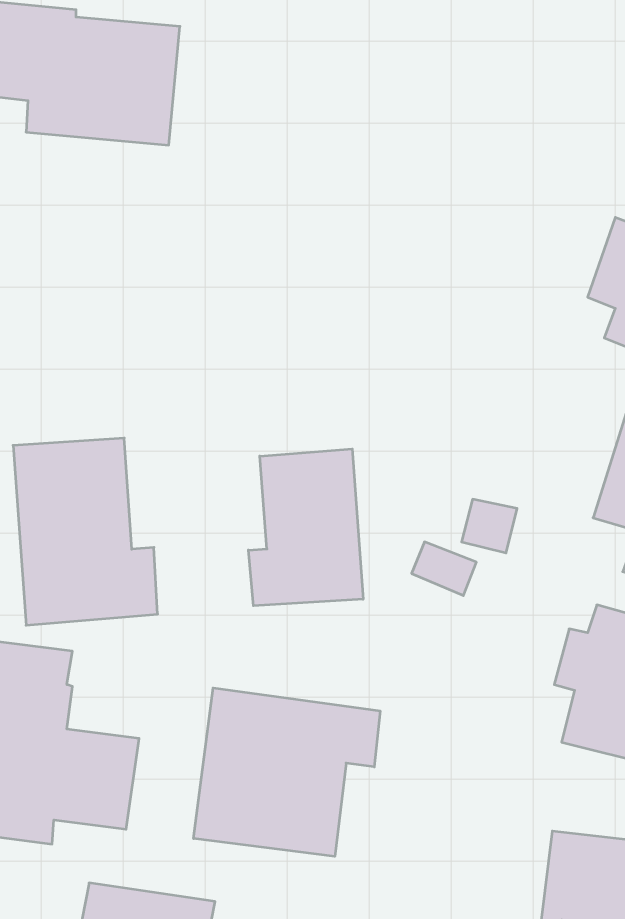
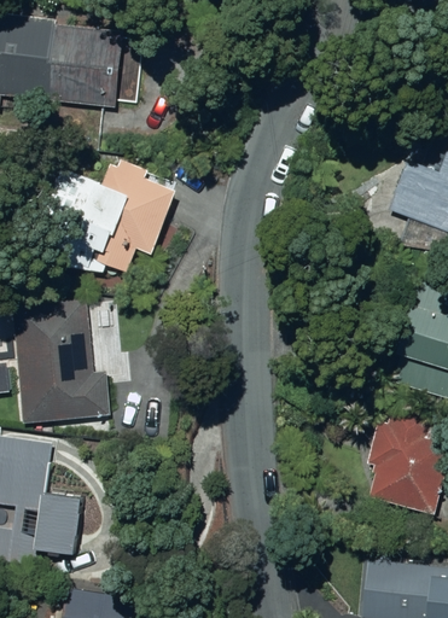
building: none -> [43,164,176,274]
building: [248,449,363,606] -> none
building: [194,688,380,856] -> none

